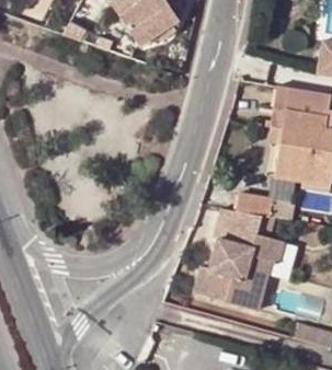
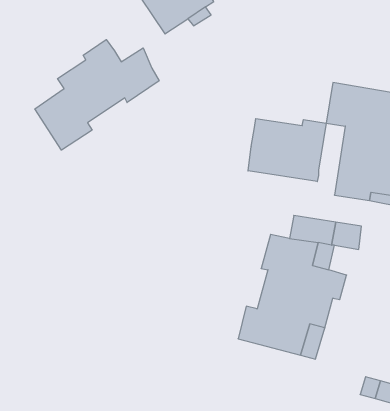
building: none -> [35,40,159,150]
building: none -> [248,119,326,182]

